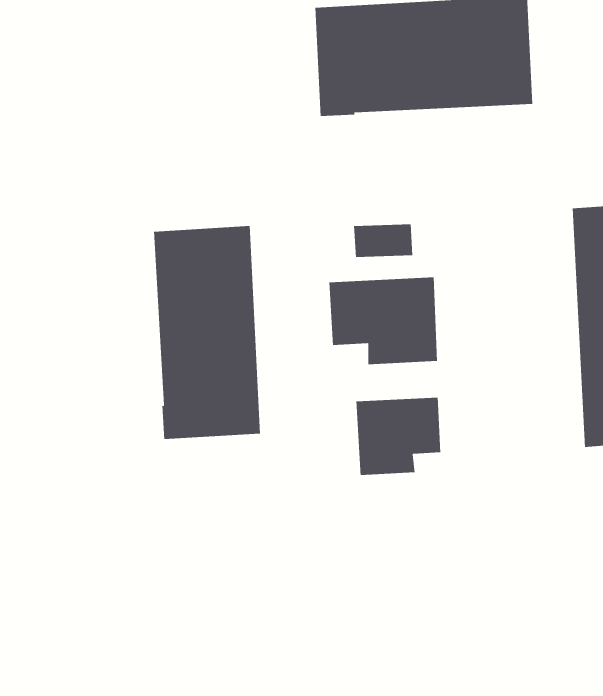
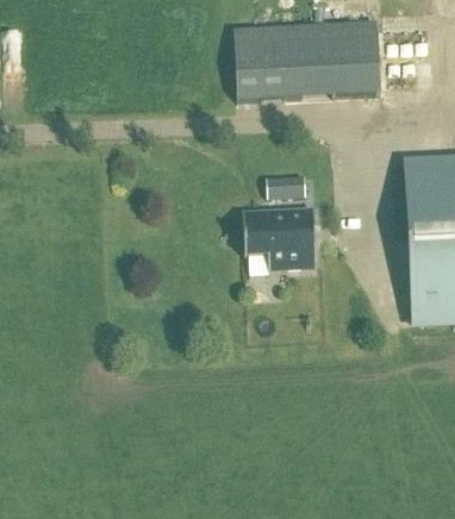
building: [153,225,261,440] -> none
building: [356,397,441,476] -> none

